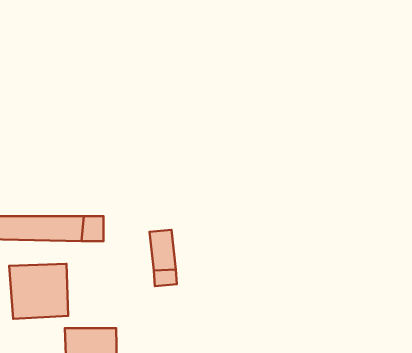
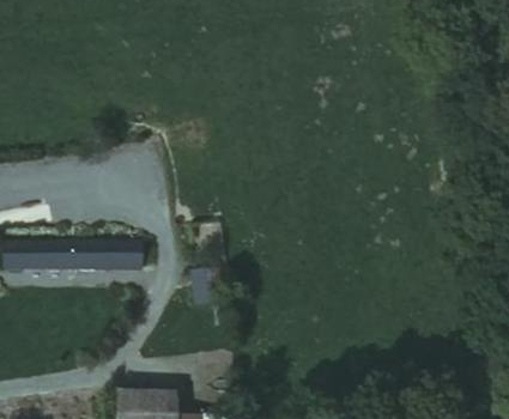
building: [9,264,68,319] -> none

